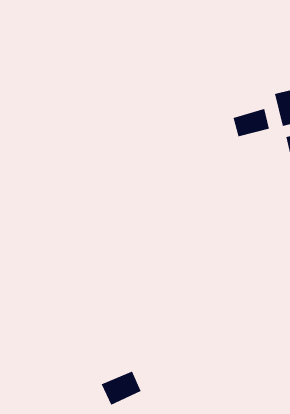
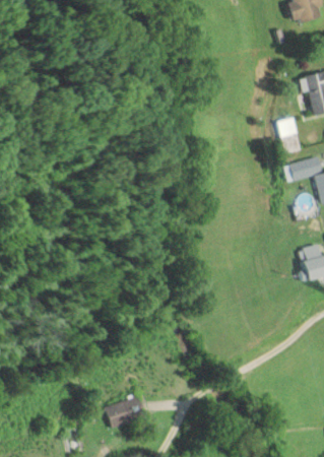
building: [233,108,270,137] -> none

